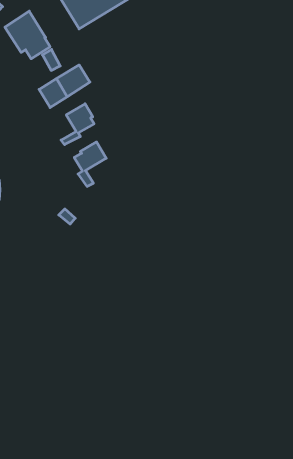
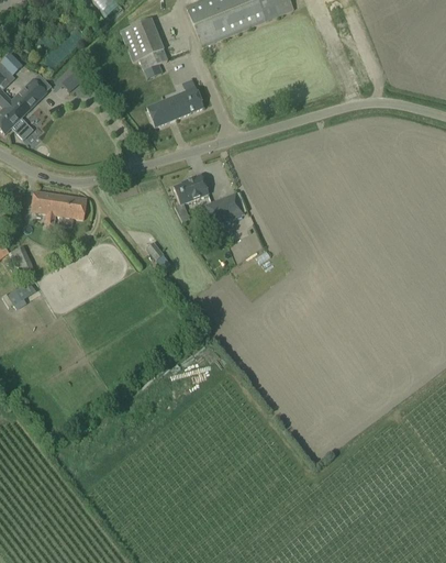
building: [61,104,94,145] -> none
building: none -> [205,192,245,227]

